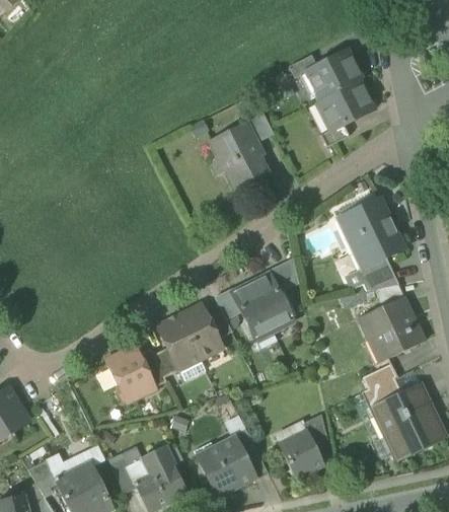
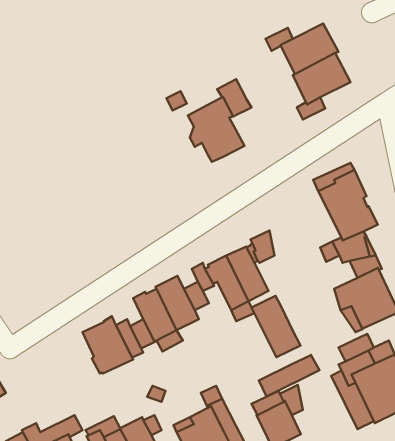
building: none -> [252,296,300,357]
building: none -> [259,355,319,397]

